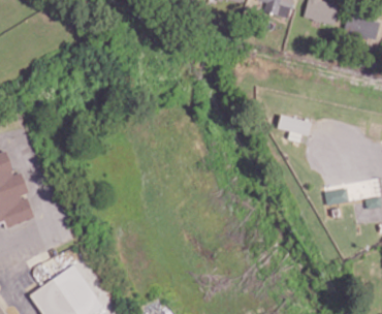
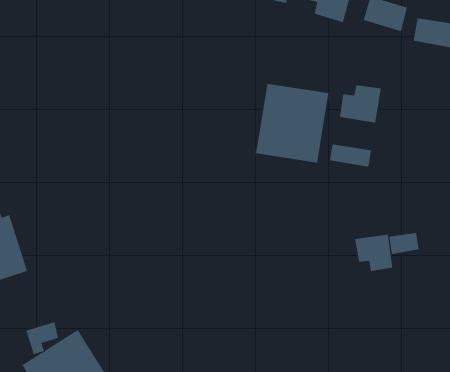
building: none -> [256,83,329,163]
building: none -> [339,84,382,123]
building: none -> [355,234,393,272]

